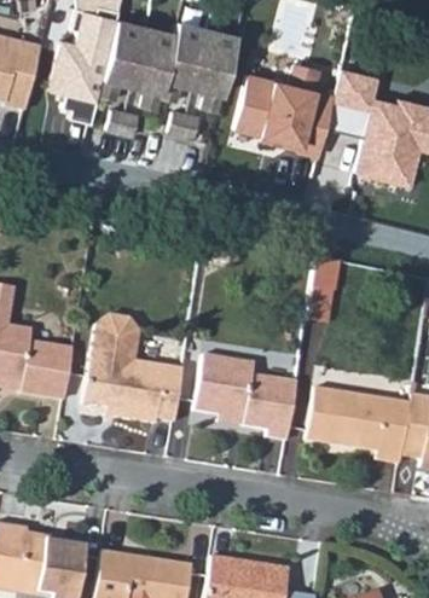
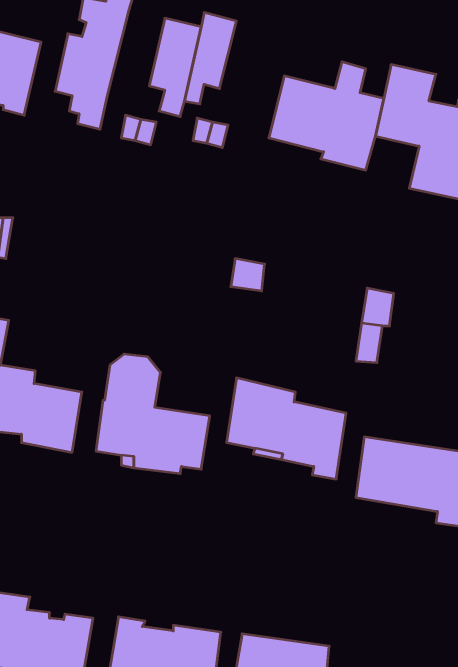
building: [95,19,145,100] -> none
building: [192,30,236,112] -> none

